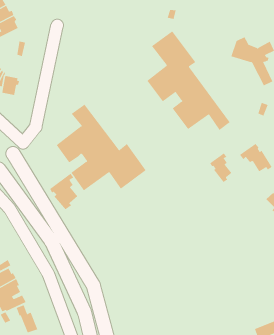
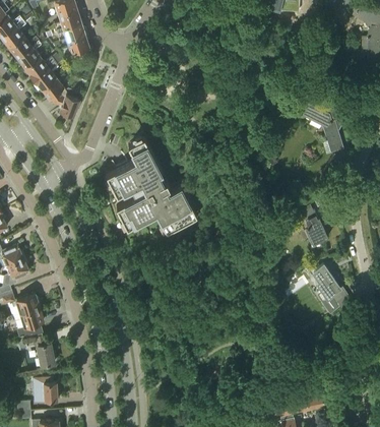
building: [147,31,231,131] -> none
building: [210,153,232,183] -> none
building: [49,173,78,210] -> none

